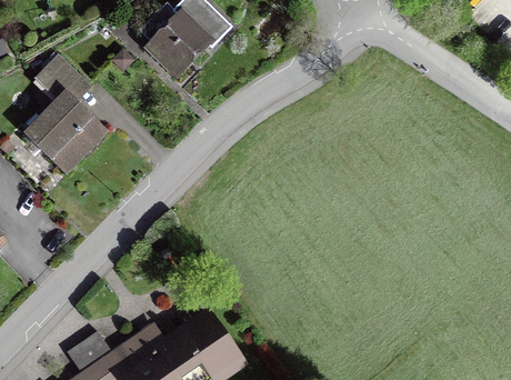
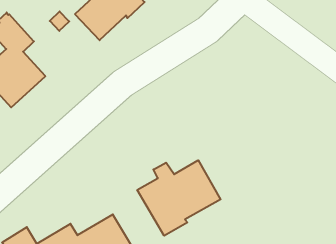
building: none -> [137,160,221,236]

